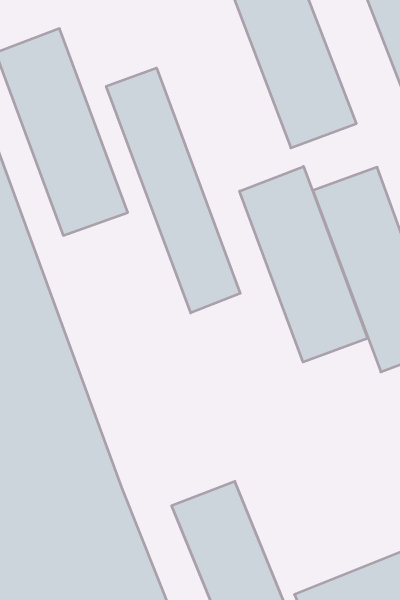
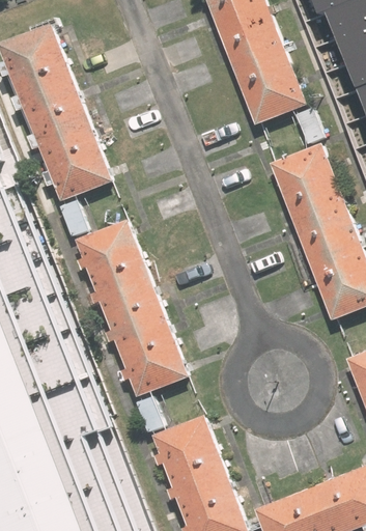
building: [106,68,240,313] -> none
building: [240,166,368,362] -> none
building: none -> [77,220,190,396]

